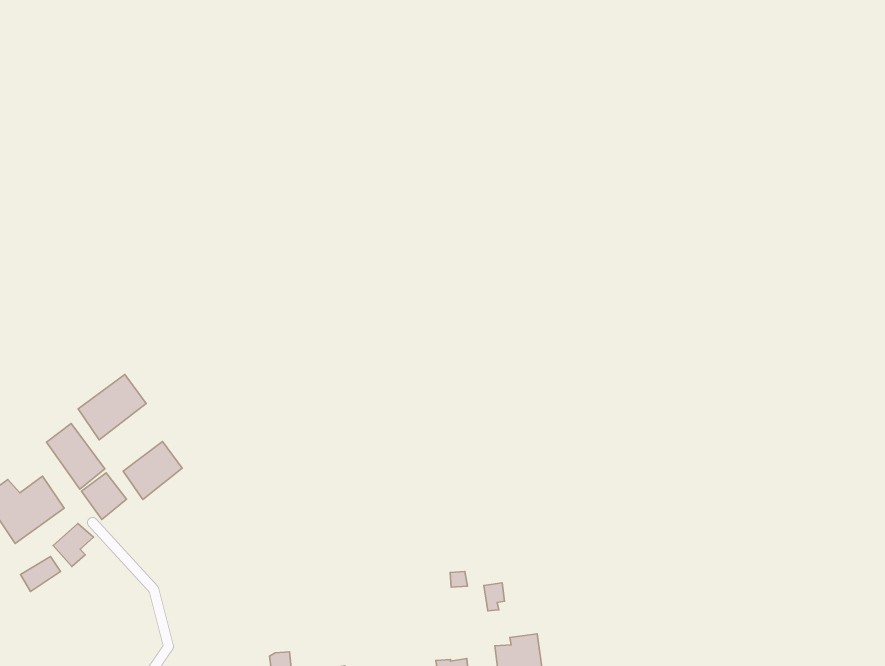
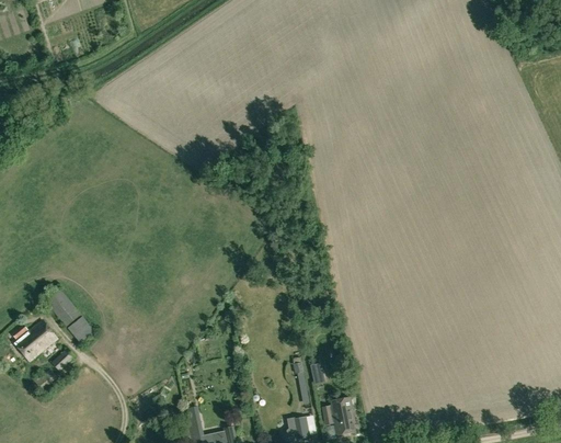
building: [78,375,146,440] -> none
building: [123,442,182,499] -> none

